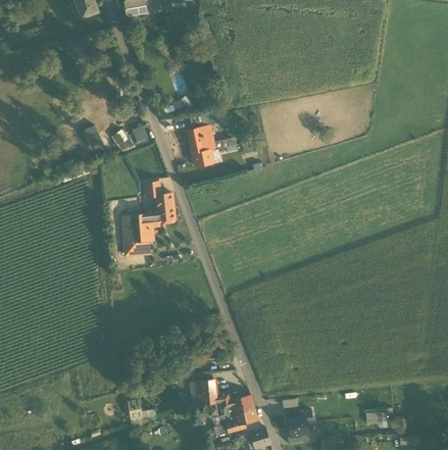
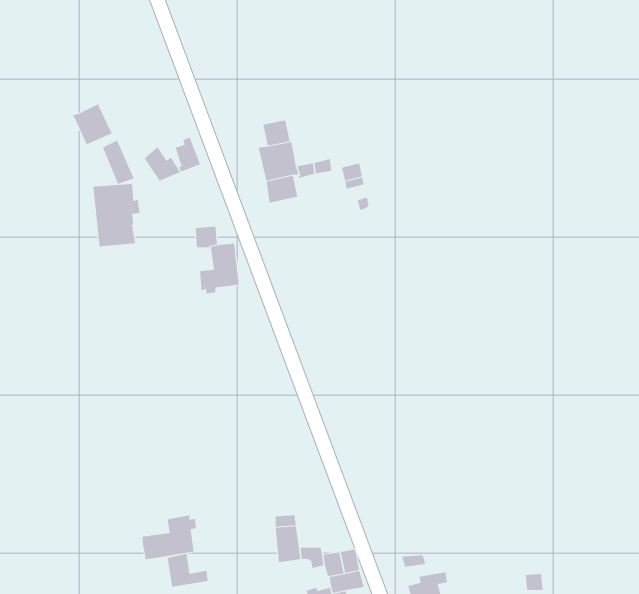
building: none -> [72,103,112,145]
building: [121,213,153,255] -> [93,183,140,247]
building: none -> [142,515,196,560]

